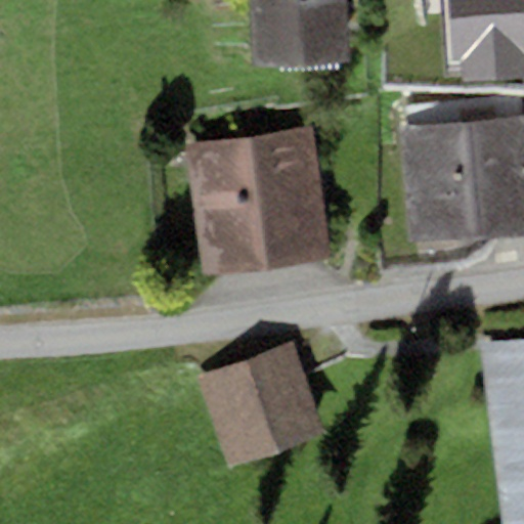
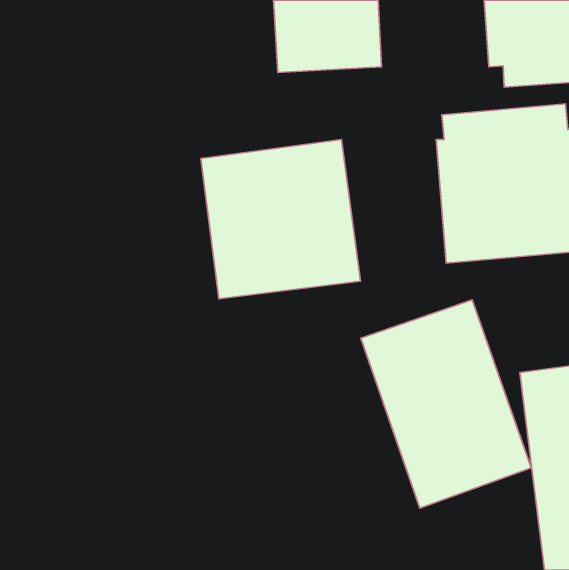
building: none -> [361,300,531,508]
building: [198,343,326,468] -> none

